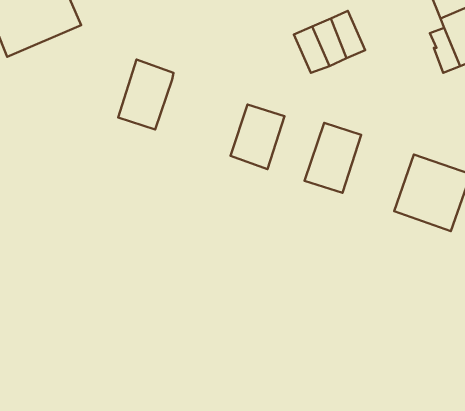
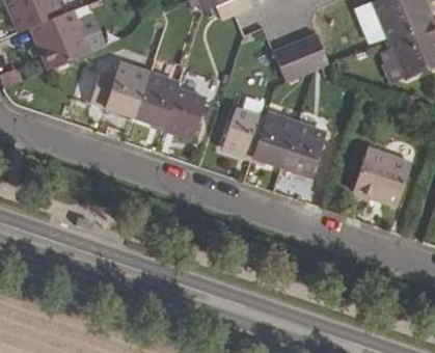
building: none -> [88,62,148,117]
building: none -> [163,87,206,137]
building: none -> [251,111,296,167]

